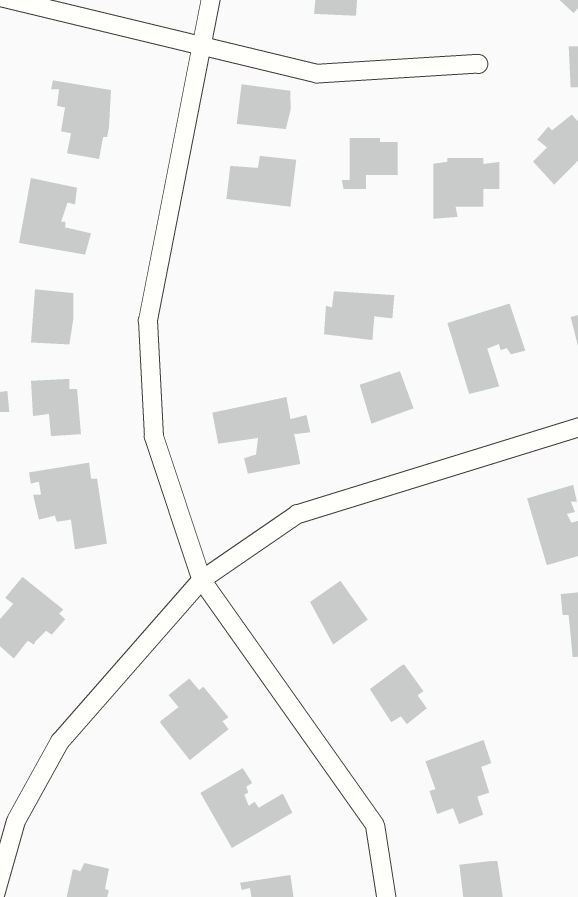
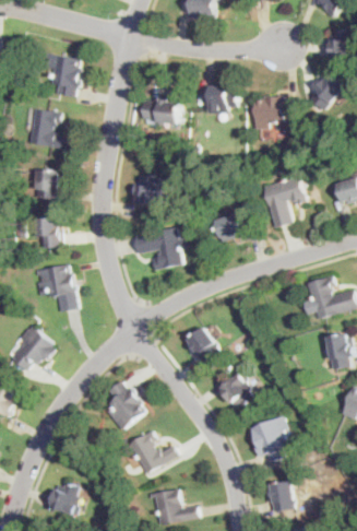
building: [236,83,291,130] -> none
building: [323,291,395,341] -> [132,176,171,203]

